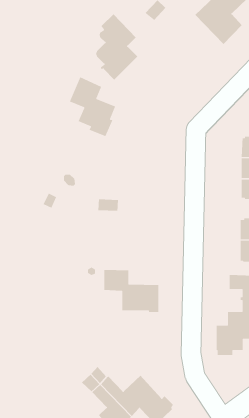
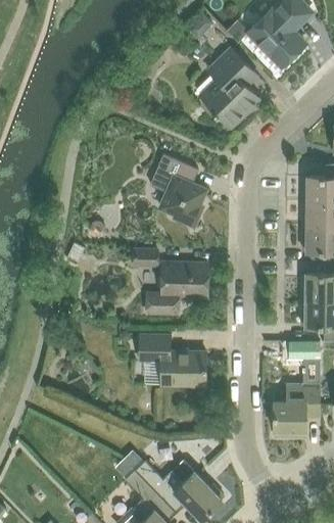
building: [95,13,138,80] -> [208,48,259,128]
building: [69,76,116,137] -> [149,154,205,227]
building: none -> [147,264,207,313]

